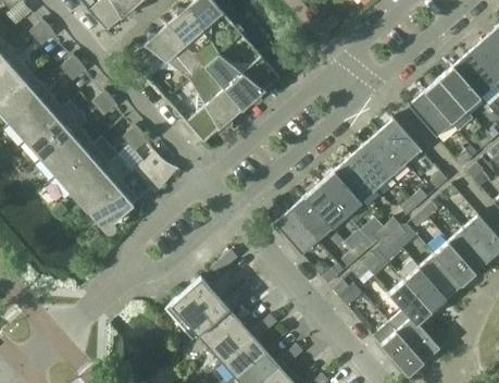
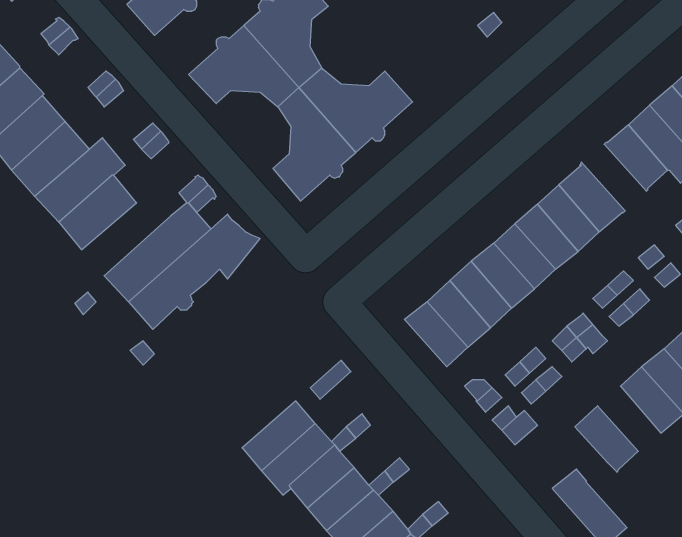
building: [58,137,117,194] -> none
building: [399,261,446,311] -> none
building: [396,319,439,362] -> none

